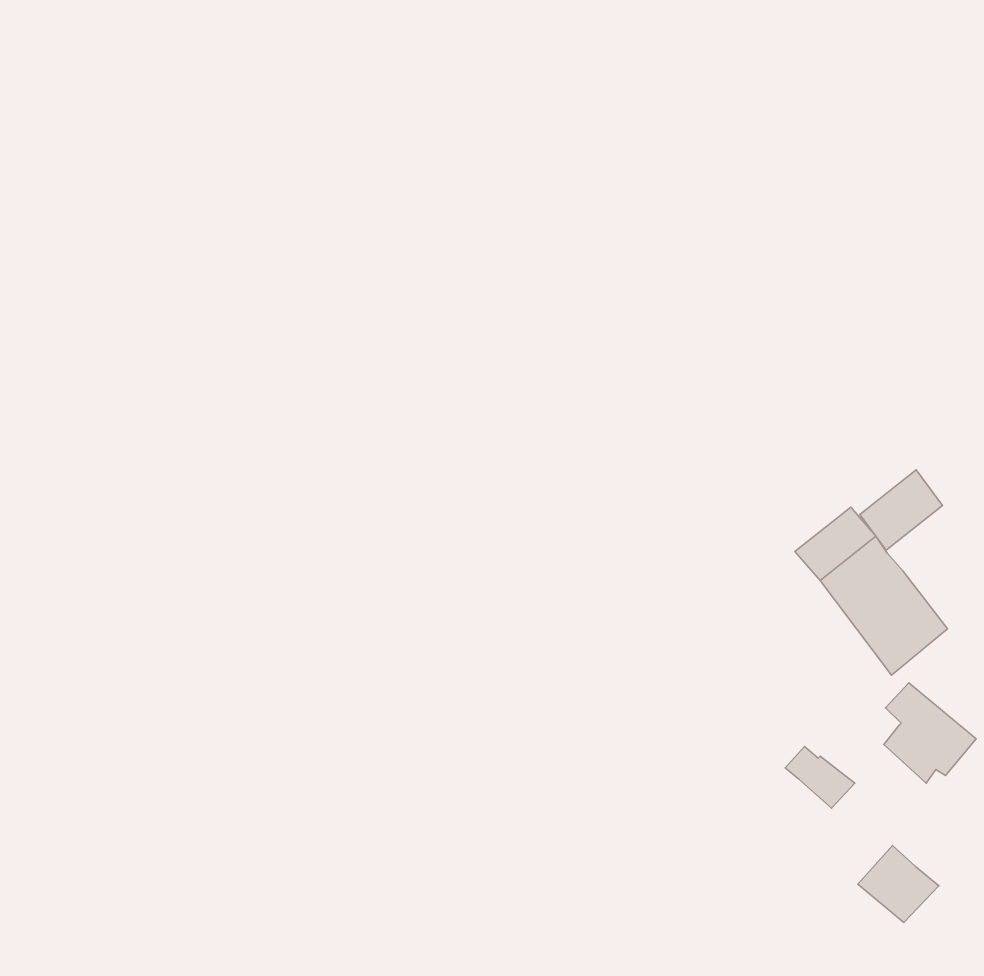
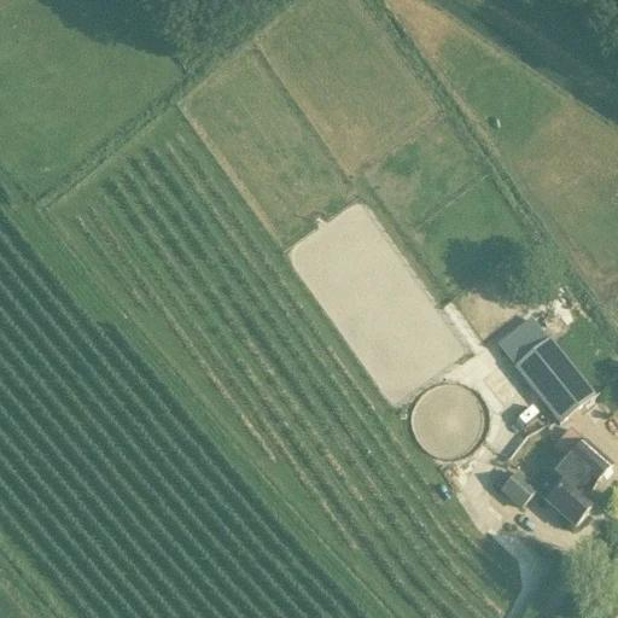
building: [860,470,942,550] -> none
building: [858,845,939,923] -> [543,477,594,525]

